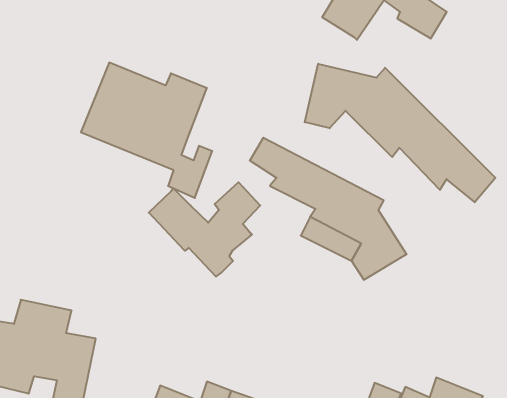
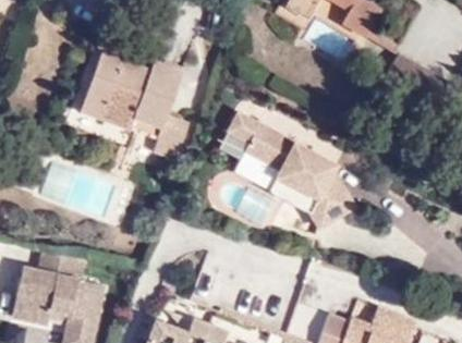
building: [305,64,495,202] -> none
building: [149,182,260,277] -> none

